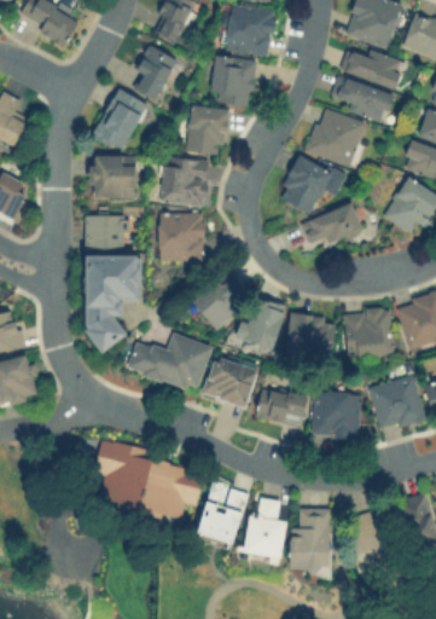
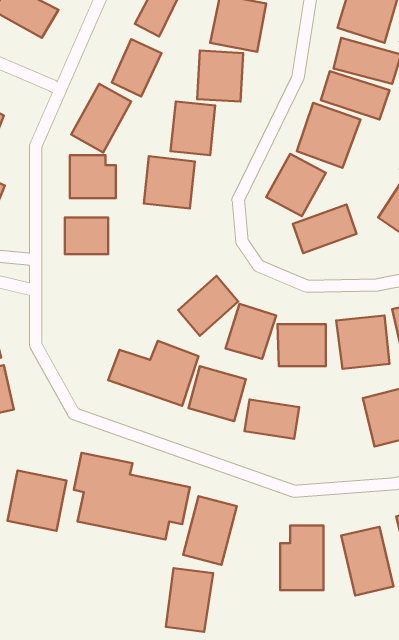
building: [158,213,204,261] -> none
building: [86,255,143,346] -> none
building: [313,391,361,440] -> none
building: none -> [8,470,66,531]
building: [245,498,290,559] -> [166,568,213,632]

